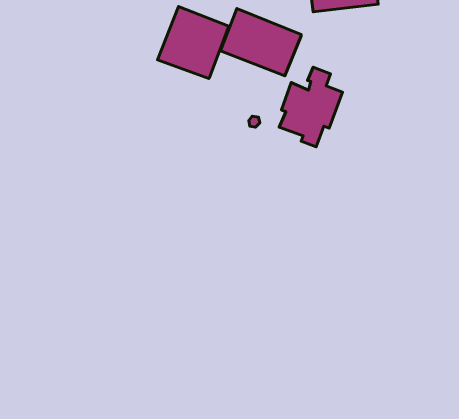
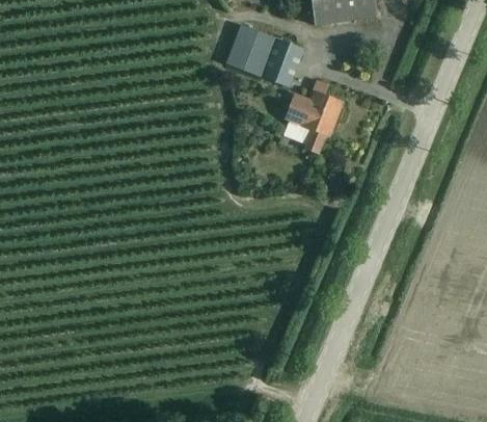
building: [158,7,229,79] -> none

